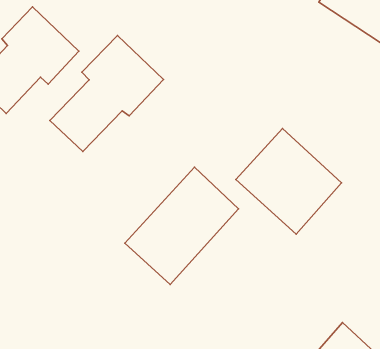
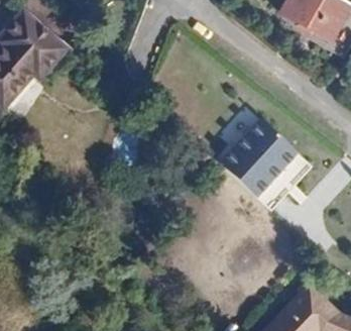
building: [50,36,164,151] -> none
building: [125,167,238,284] -> none

